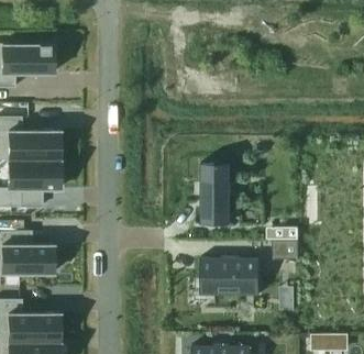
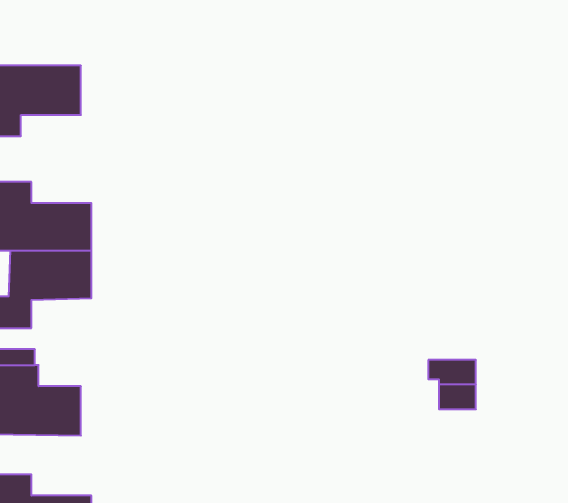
building: [201,164,231,224] -> none
building: [200,257,260,296] -> none

